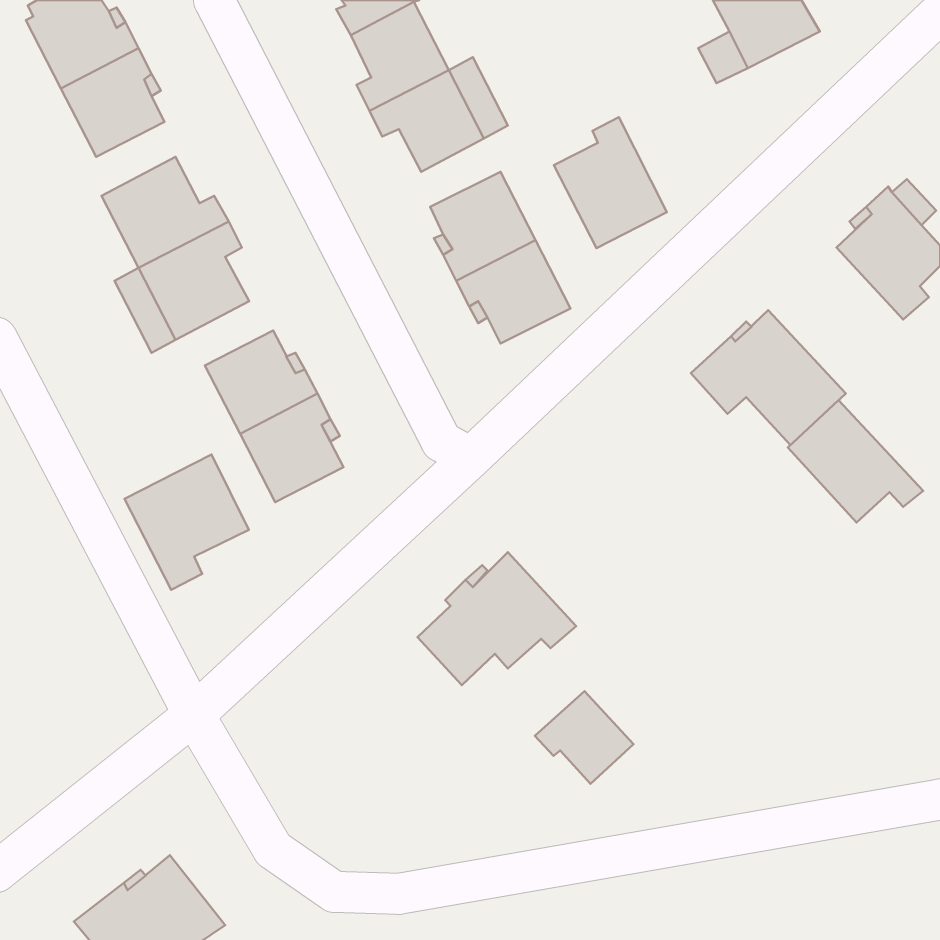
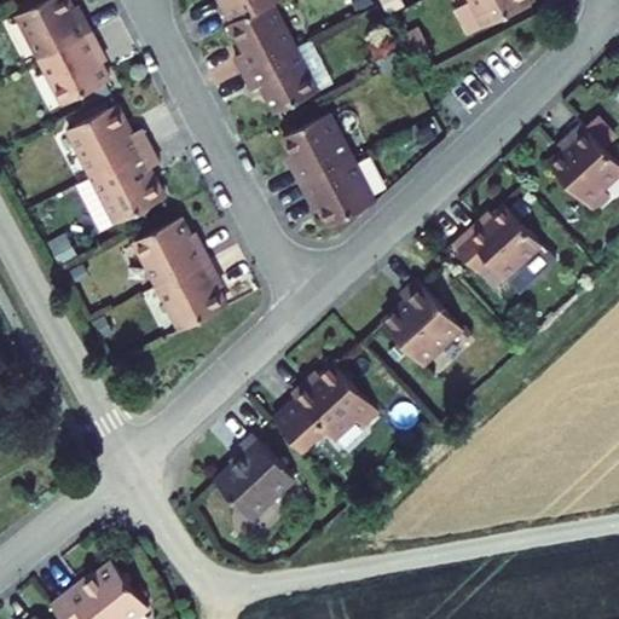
building: [554,117,667,248] -> none
building: [788,400,923,522] -> none
building: none -> [382,280,461,366]
building: [124,454,249,590] -> none
building: none -> [214,435,294,520]
building: [535,691,633,784] -> none

